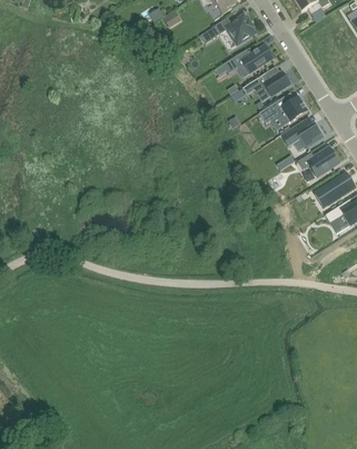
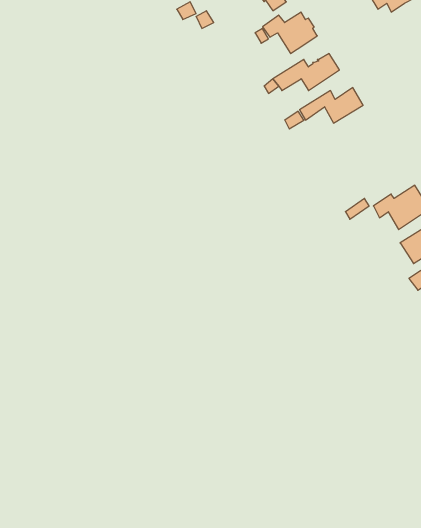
building: [258,92,306,126] -> none
building: [282,118,326,146] -> none

